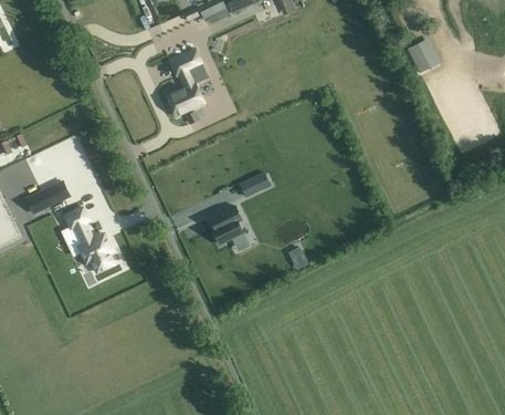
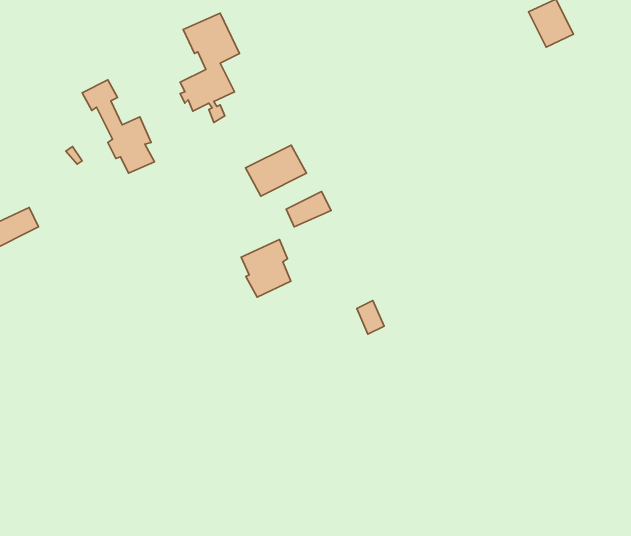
building: none -> [246,145,306,196]
building: [63,207,113,271] -> [82,80,154,173]

